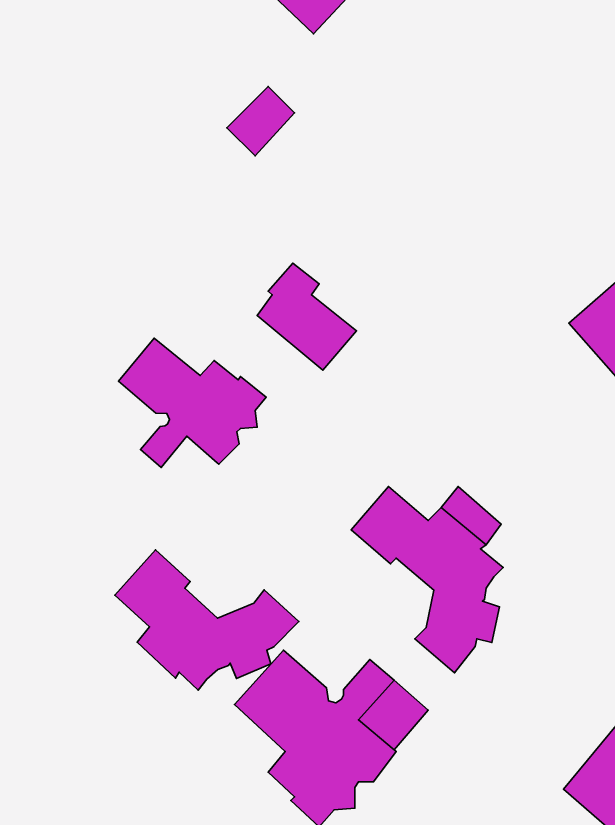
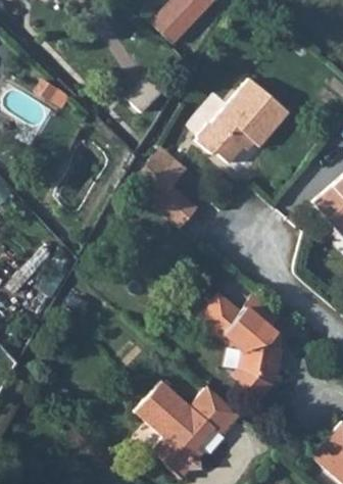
building: none -> [196,81,288,164]
building: [119,338,266,468] -> none
building: [115,550,299,690] -> none

